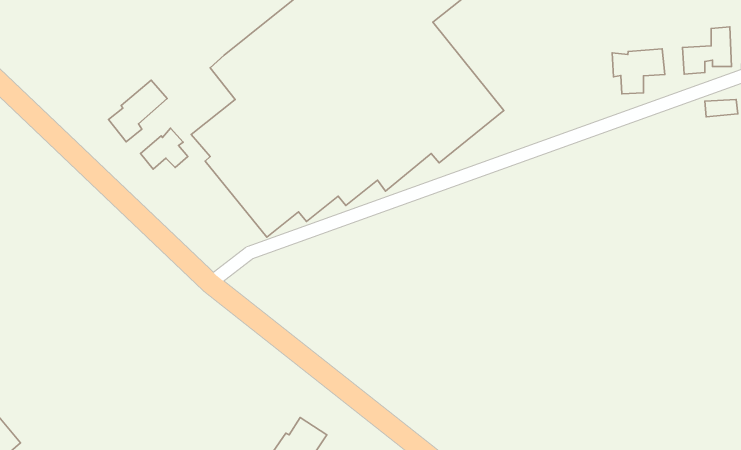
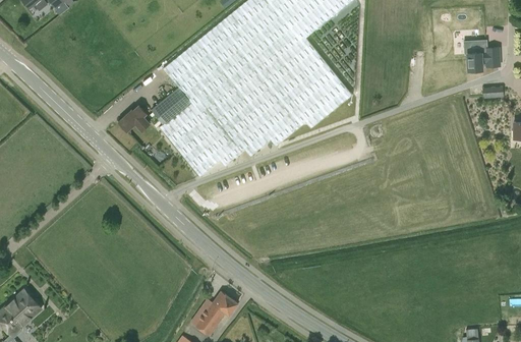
building: [612,49,665,94] -> none
building: [108,80,167,142] -> none

